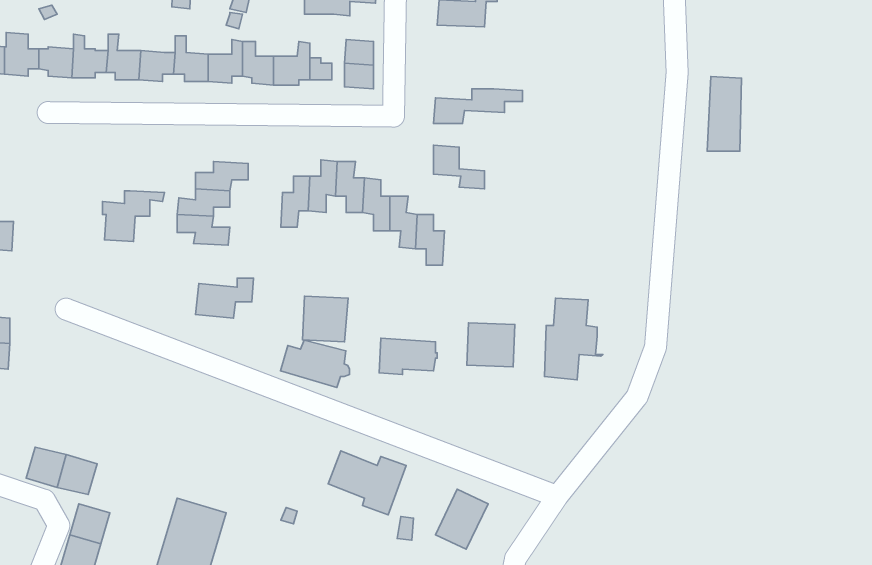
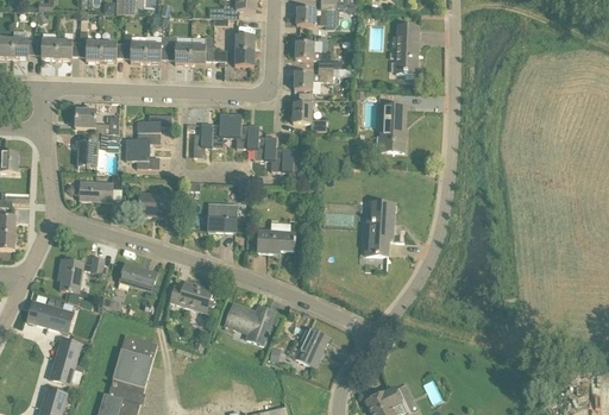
building: none -> [294,43,333,67]
building: [707,76,742,151] -> [395,25,417,74]
building: none -> [379,106,406,152]
building: none -> [75,109,119,134]
building: none -> [79,174,121,201]
building: [467,323,515,367] -> none
building: [281,340,350,387] -> [169,282,214,313]
building: none -> [58,257,103,293]
building: none -> [118,263,156,291]

